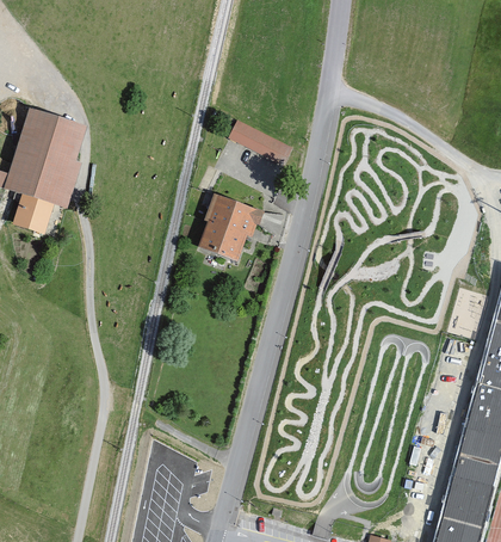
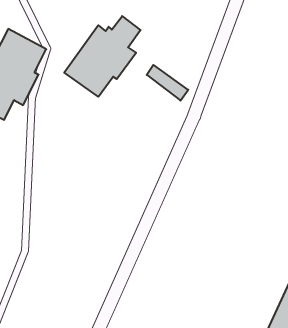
building: none -> [64,16,141,97]
building: [200,197,261,260] -> none

